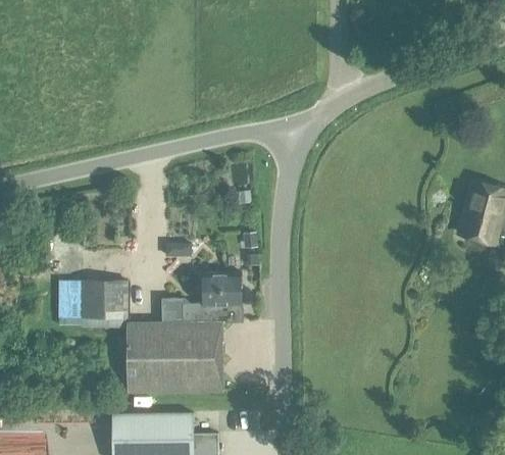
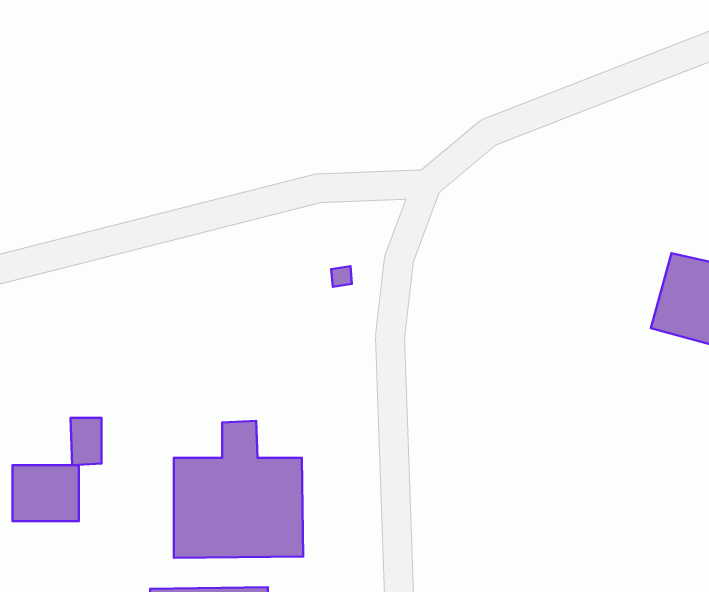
building: [185,272,243,323] -> none
building: [81,280,127,318] -> [12,465,79,521]

